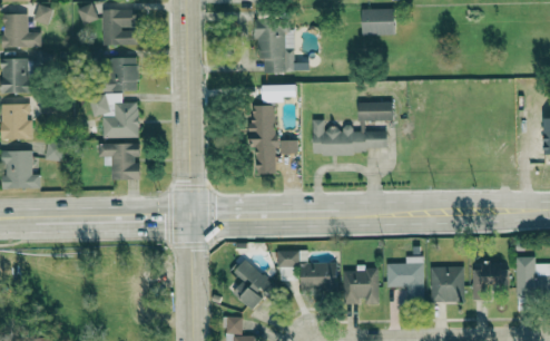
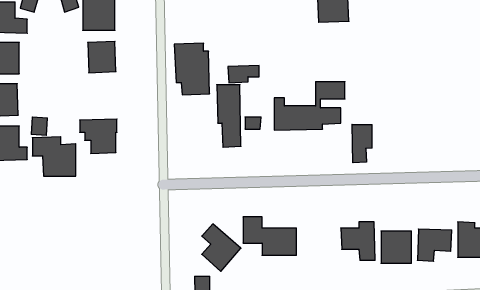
building: [255,16,294,72] -> [174,43,210,95]
building: [90,94,138,137] -> [32,137,76,176]
building: none -> [352,124,372,163]
building: [343,269,379,304] -> none

